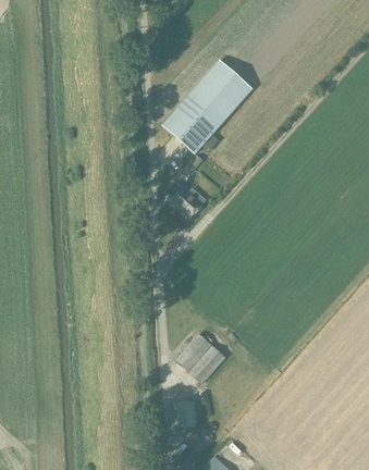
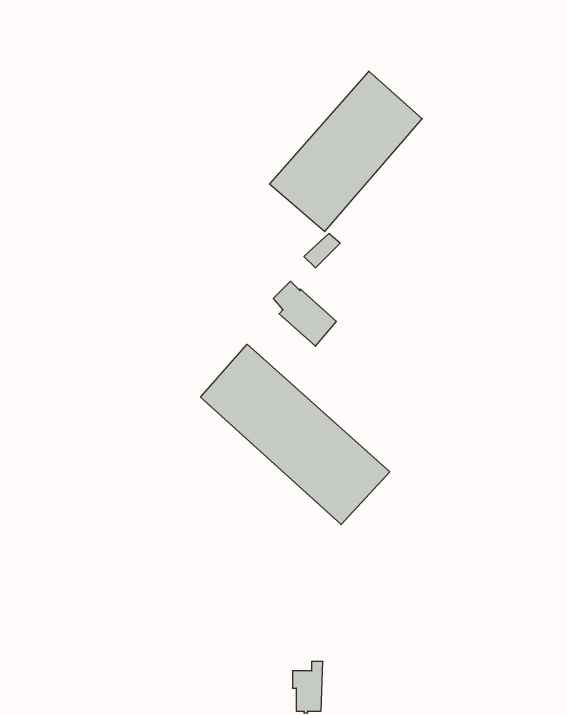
building: none -> [201,344,390,525]
building: [175,333,225,383] -> none

